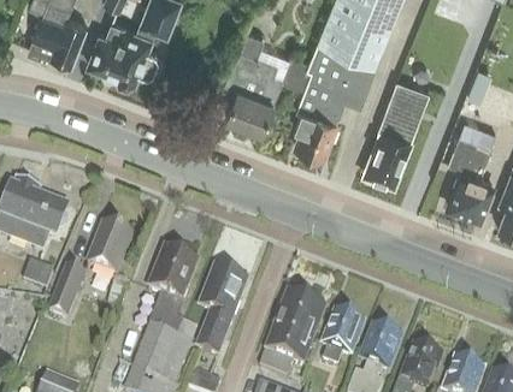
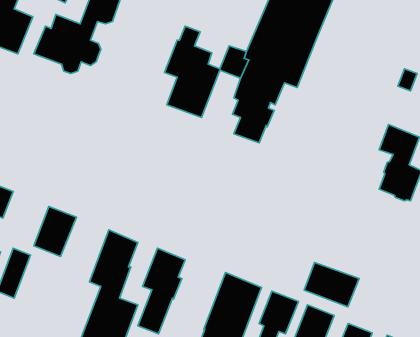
building: [365,77,429,182] -> none
building: none -> [304,262,359,307]

